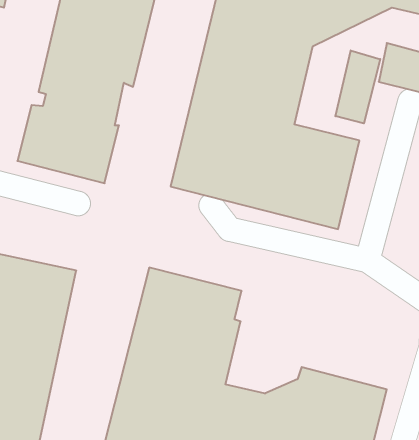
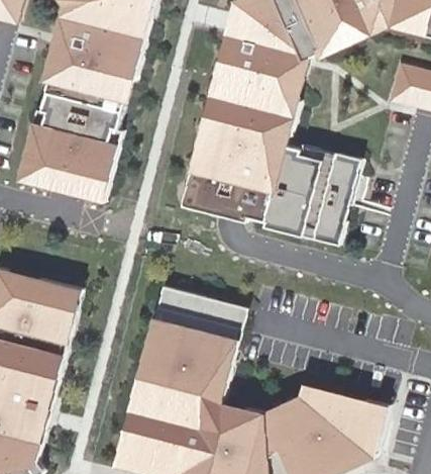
building: [335,50,380,123] -> none

